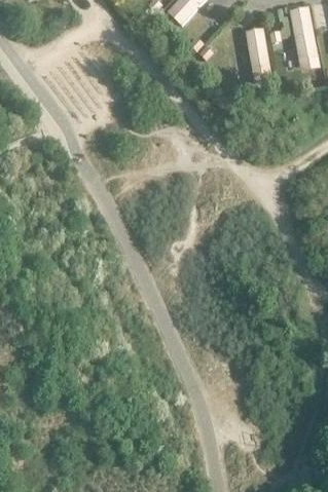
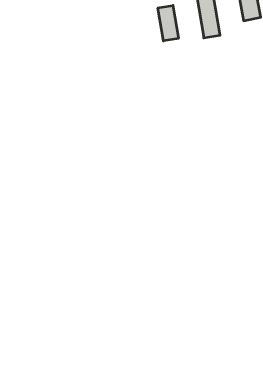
building: none -> [158,5,178,41]

